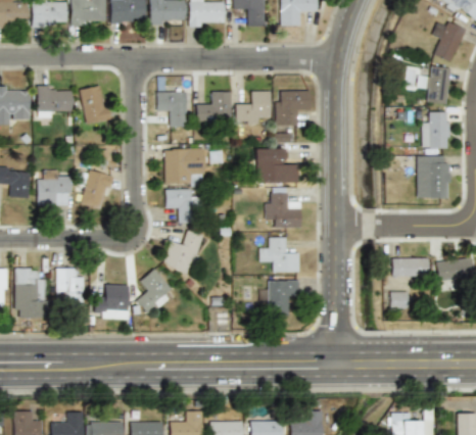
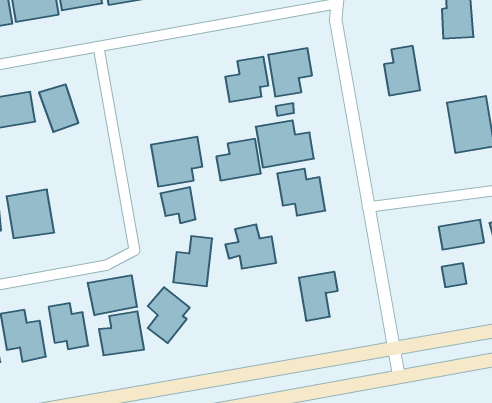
building: [156,92,187,127] -> none
building: [196,92,231,122] -> [216,139,261,180]
building: [423,111,449,149] -> [384,46,420,95]
building: [81,171,113,209] -> none
building: [259,237,299,272] -> [225,224,276,269]
building: none -> [88,275,137,315]

